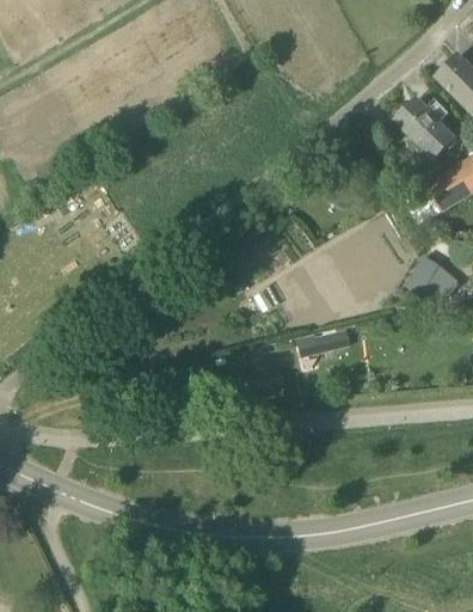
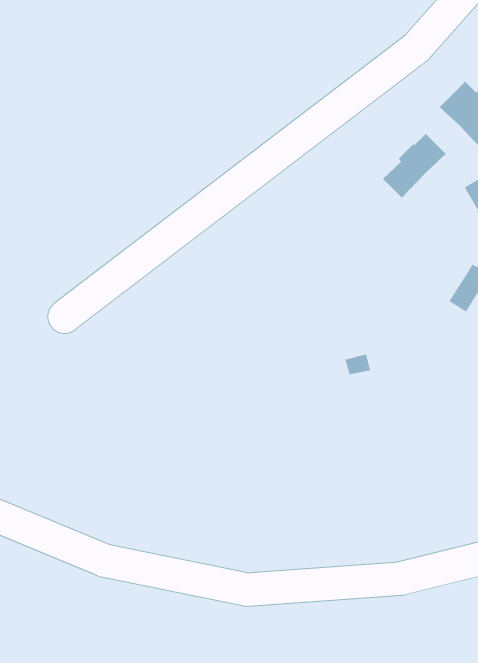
building: none -> [382,133,447,199]

